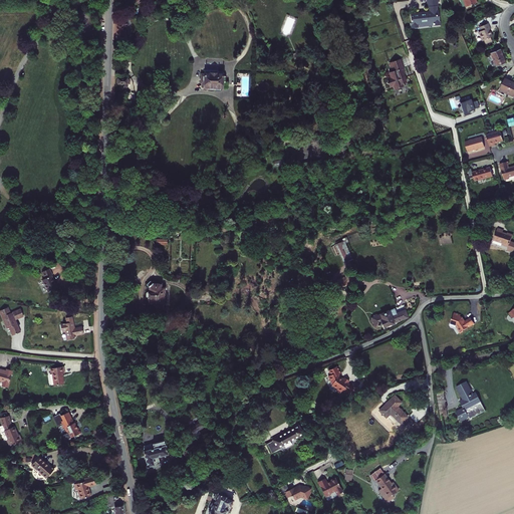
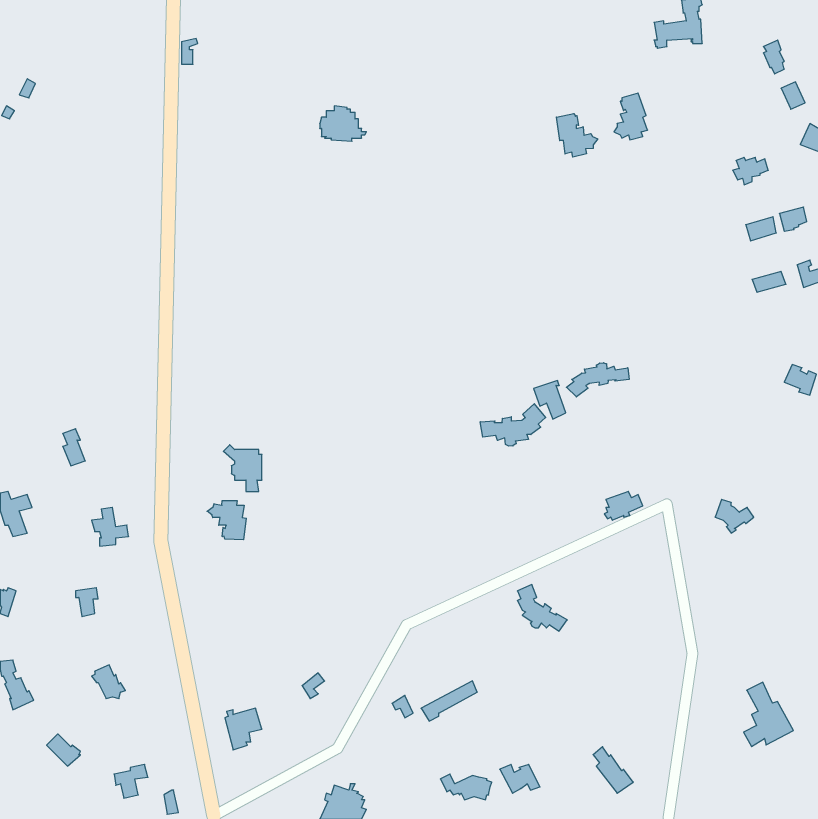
building: none -> [556,114,598,157]
building: none -> [566,363,629,397]
building: none -> [480,404,546,446]
building: none -> [207,501,246,540]
building: [455,381,486,422] -> [744,682,793,747]
building: [376,395,406,424] -> none

